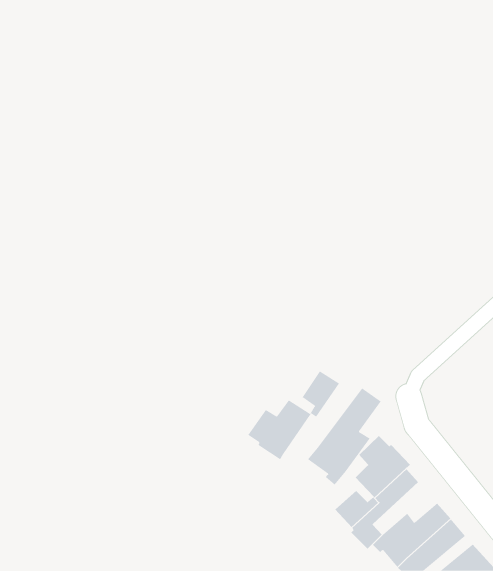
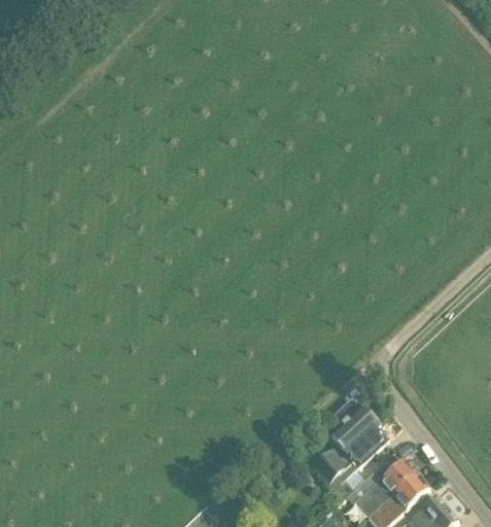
building: [247,370,340,460] -> none
building: [307,388,381,485] -> none

